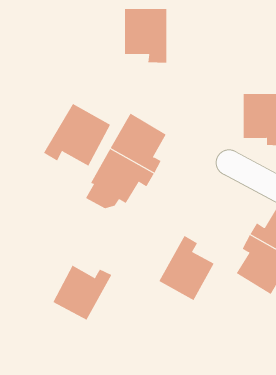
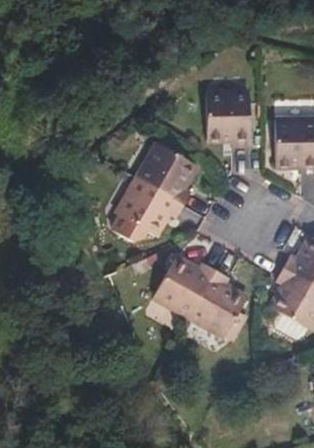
building: [124,9,167,63] -> [206,94,250,151]
building: [43,103,111,167] -> none
building: [53,265,112,321] -> [153,257,215,315]

